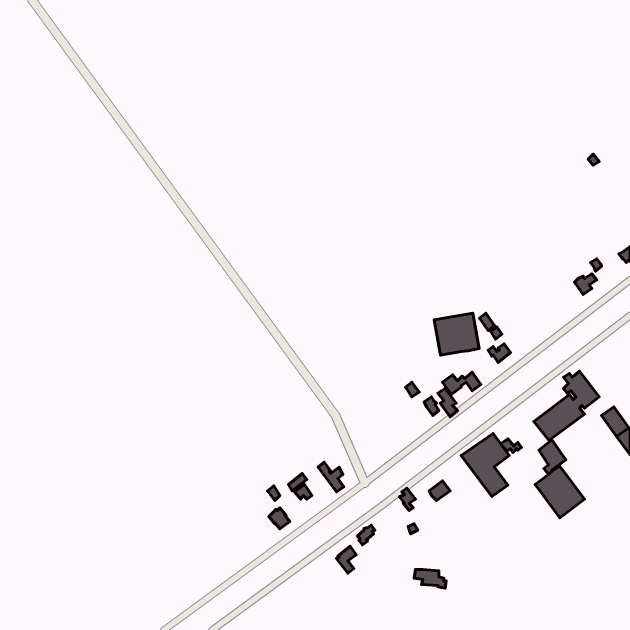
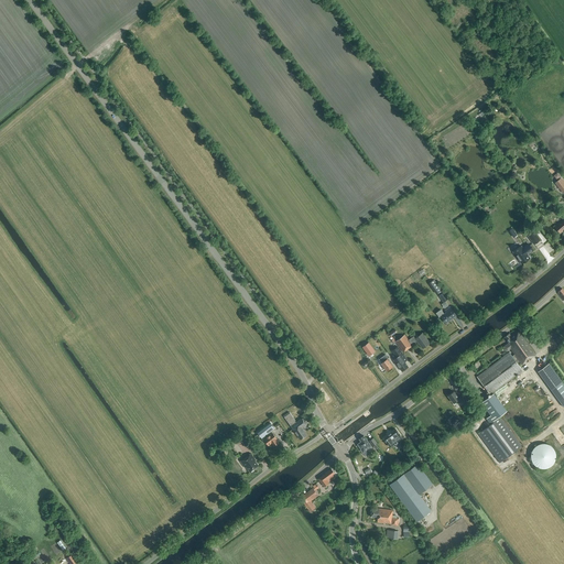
building: [434,313,479,355] -> none
building: [461,433,509,496] -> [389,465,432,521]
building: none -> [527,442,555,469]

